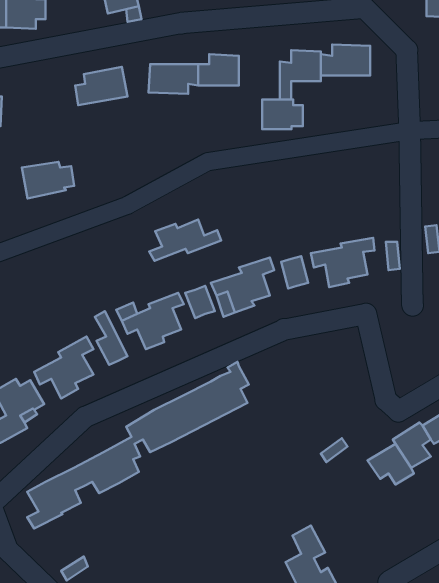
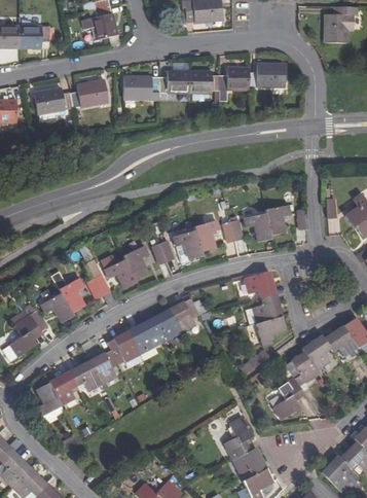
building: [262,99,303,129] -> [190,71,220,93]
building: [22,162,74,199] -> [35,90,73,116]
building: [149,219,221,261] -> none
building: none -> [246,272,286,347]
building: none -> [272,380,303,421]

